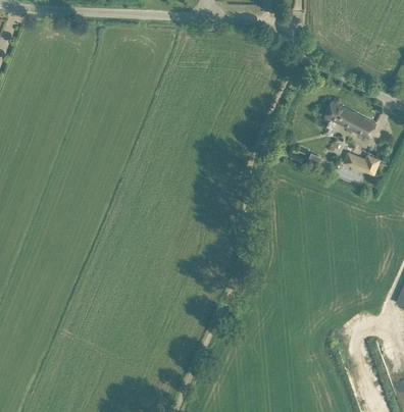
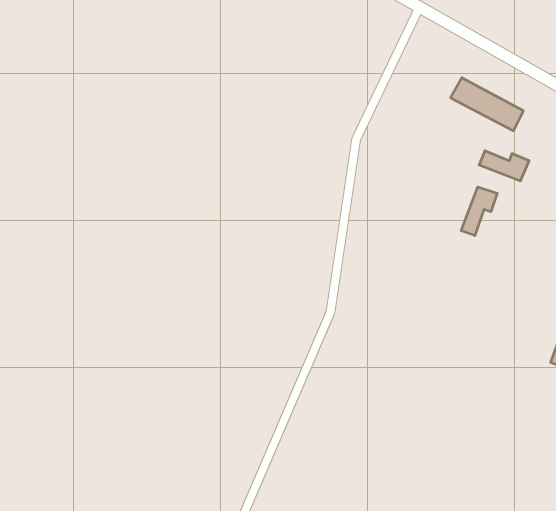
building: none -> [461,187,497,236]

